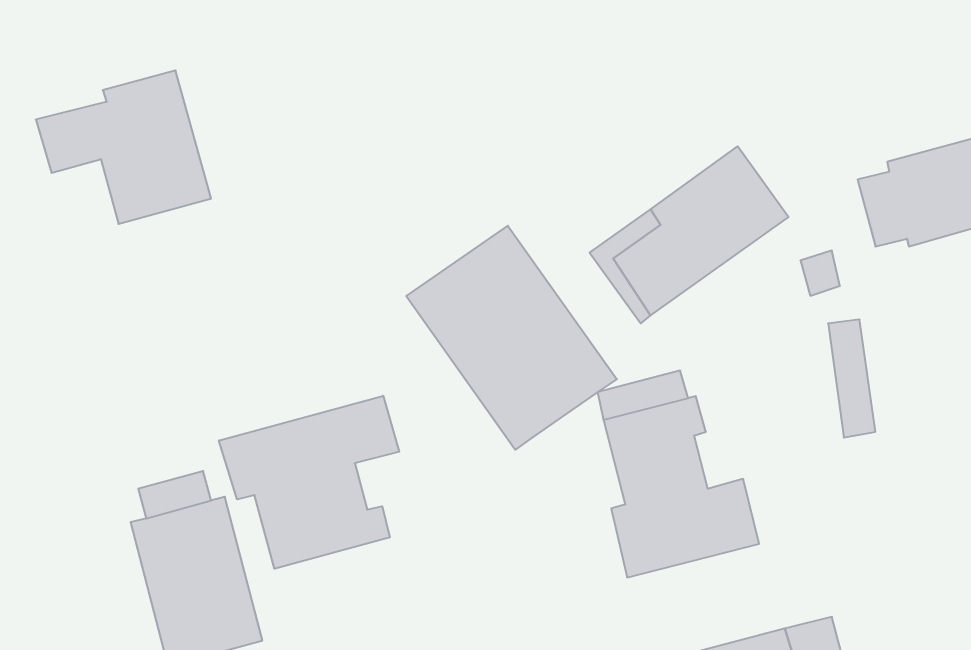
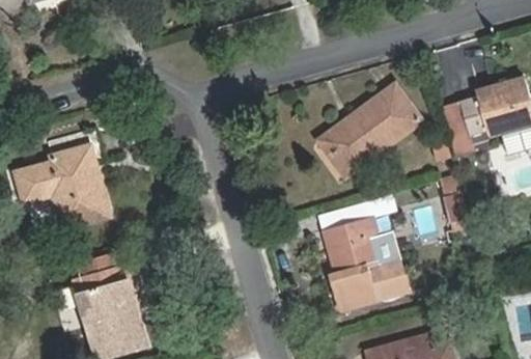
building: [36,70,211,224] -> [17,146,109,227]
building: [406,226,617,450] -> none
building: [219,396,399,569] -> none

